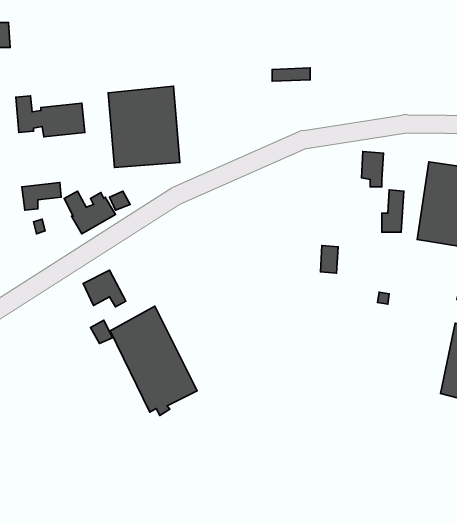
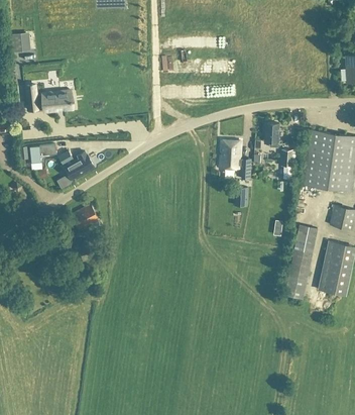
building: [108,86,180,168] -> none
building: none -> [221,139,252,180]
building: none -> [284,225,317,299]
building: [110,306,197,415] -> none

